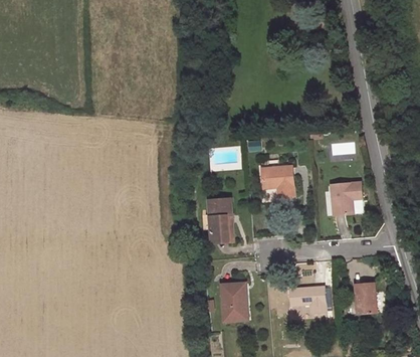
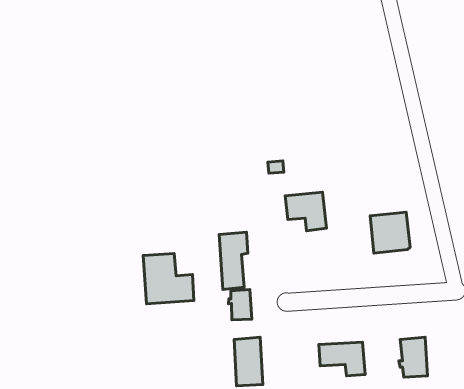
building: none -> [143,253,194,304]
building: none -> [229,289,252,320]

